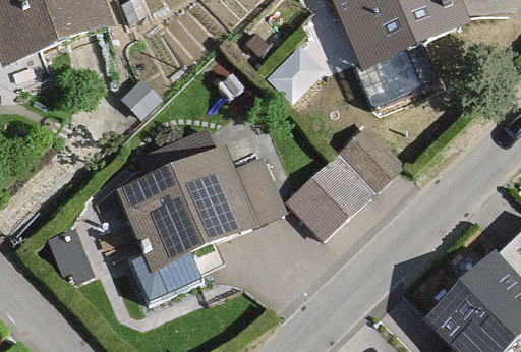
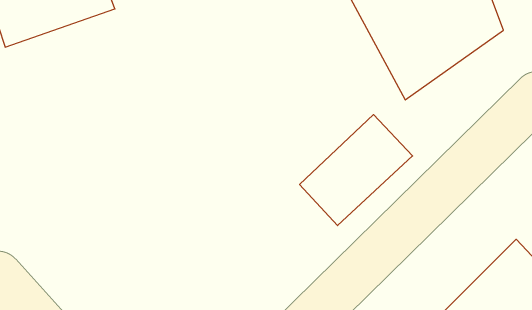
building: [120,146,283,262] -> none

